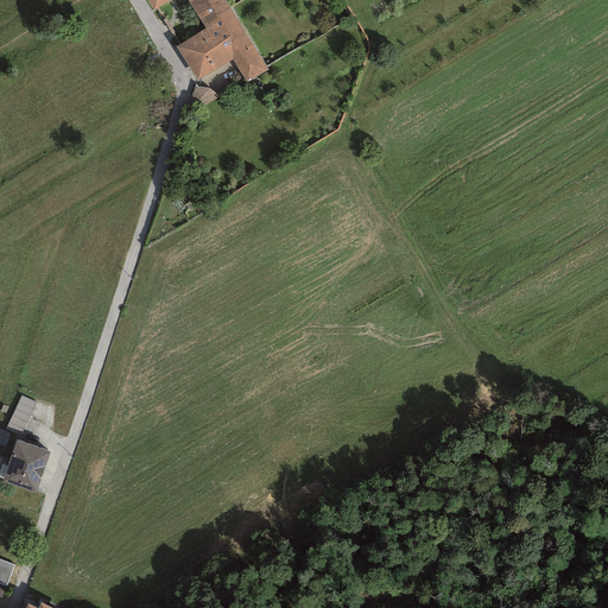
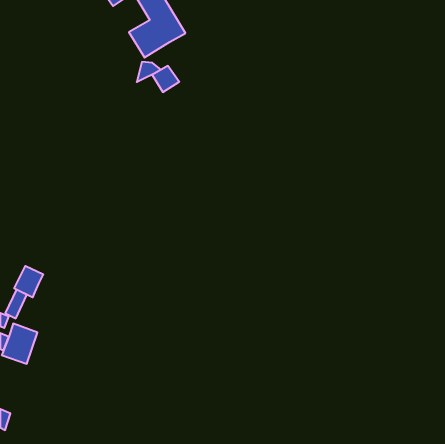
building: [232,45,268,81] -> [152,66,179,92]
building: none -> [14,266,43,297]

